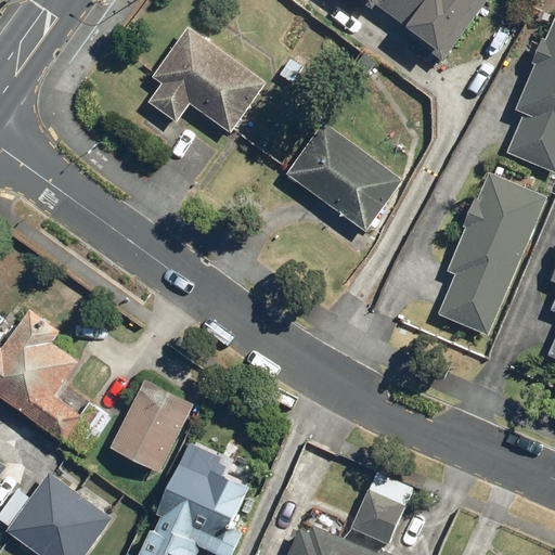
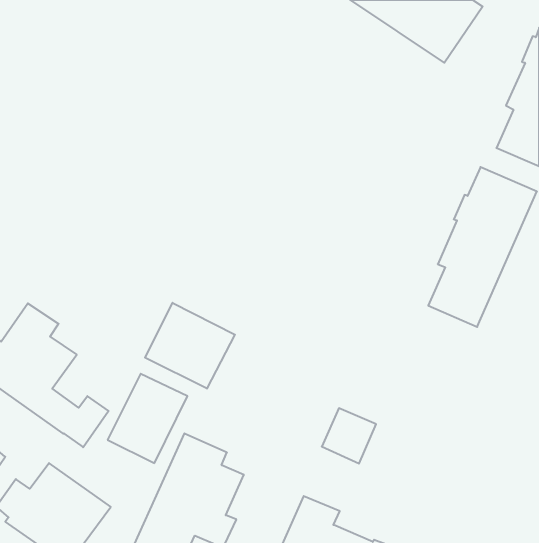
building: [147,26,266,132] -> none
building: [286,121,403,231] -> none
building: none -> [145,303,235,389]
building: [349,489,404,545] -> [322,408,376,464]

